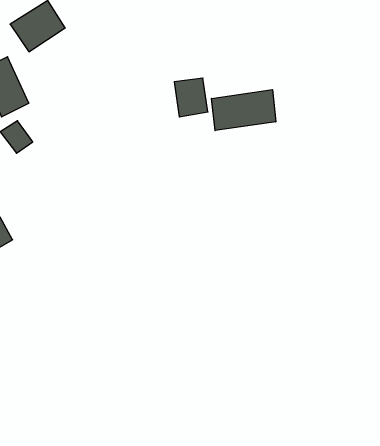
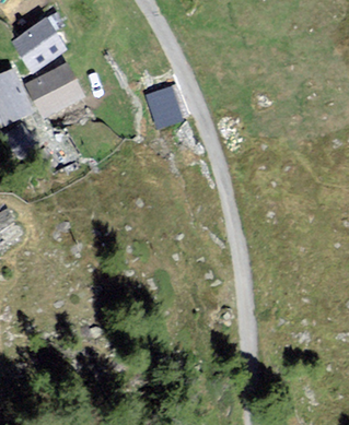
building: none -> [25,66,77,114]
building: [212,90,276,131] -> none

